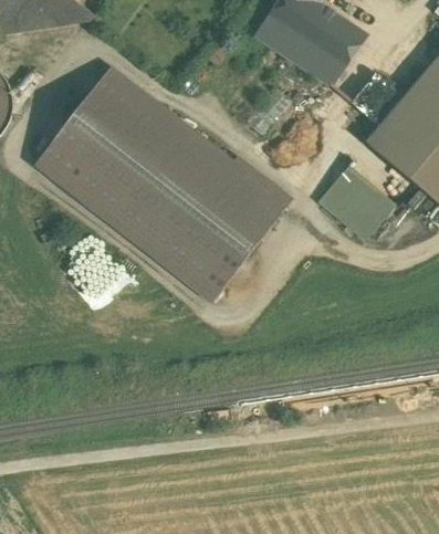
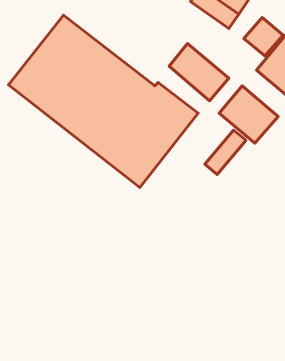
building: none -> [169,44,229,101]
building: none -> [205,130,246,174]

